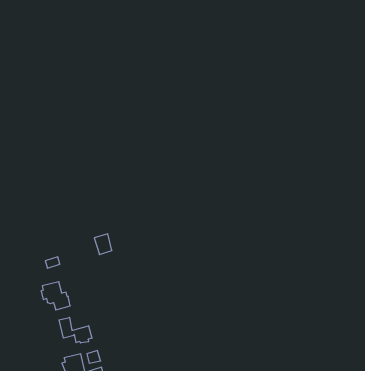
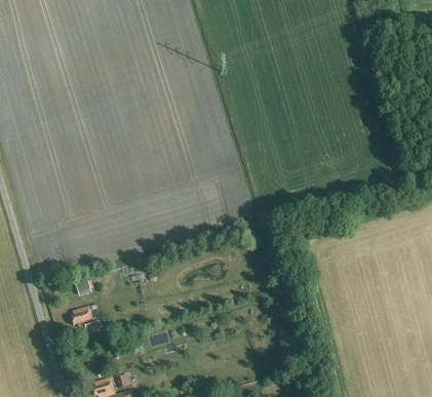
building: [59,317,92,343] -> none

